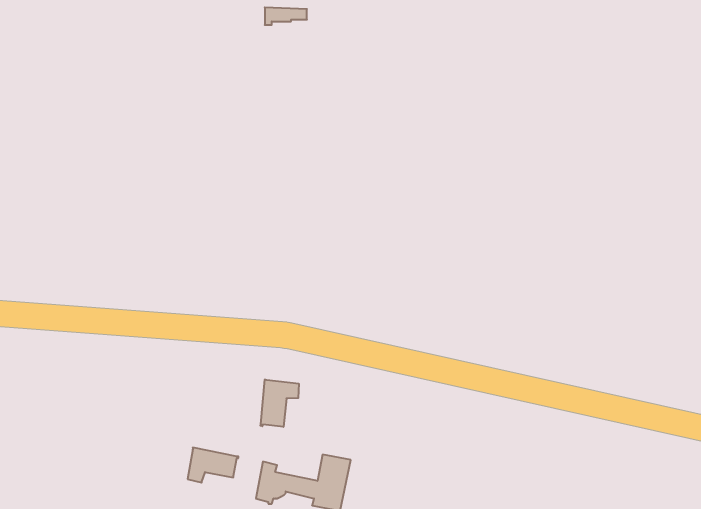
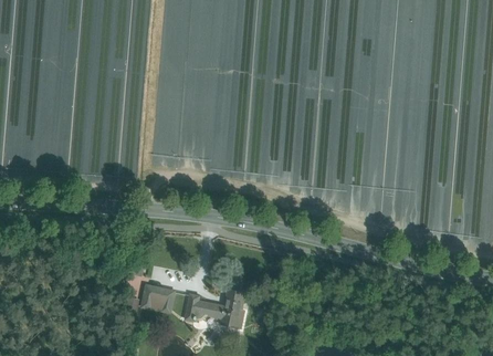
building: [260,379,299,427] -> none

